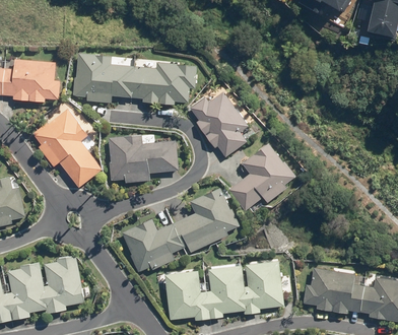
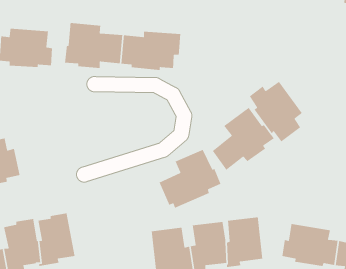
building: [190,90,248,156] -> [249,81,303,143]
building: [30,108,102,187] -> none
building: [108,133,178,182] -> none
building: [121,218,183,270] -> none

